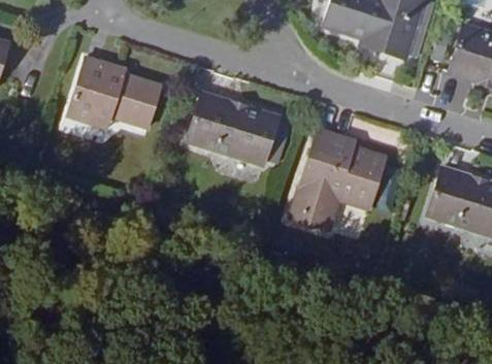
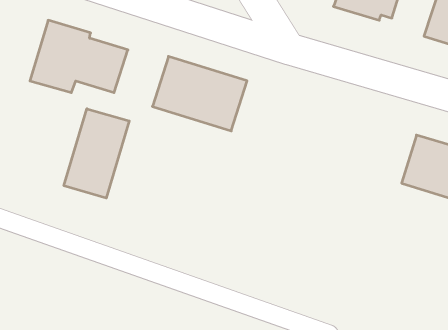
building: [289,129,385,229] -> none
building: none -> [64,109,129,198]

